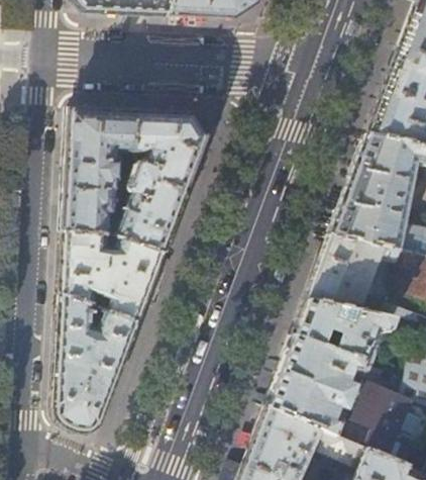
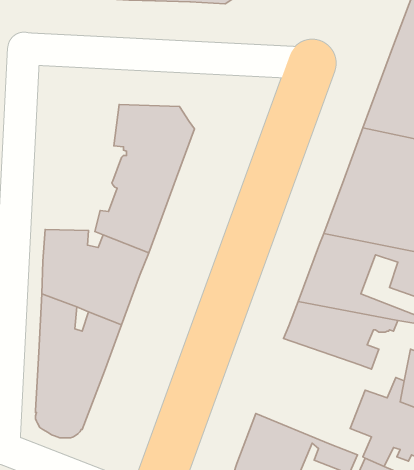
building: [65,109,135,233] -> none
building: [265,335,364,437] -> none

